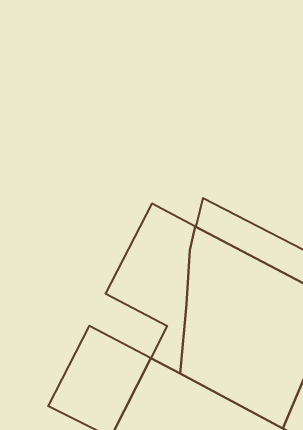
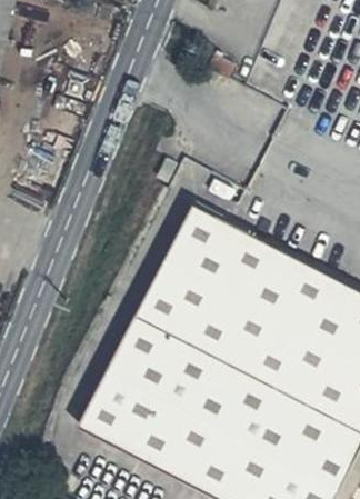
building: none -> [178,206,230,255]
building: none -> [113,323,193,390]

